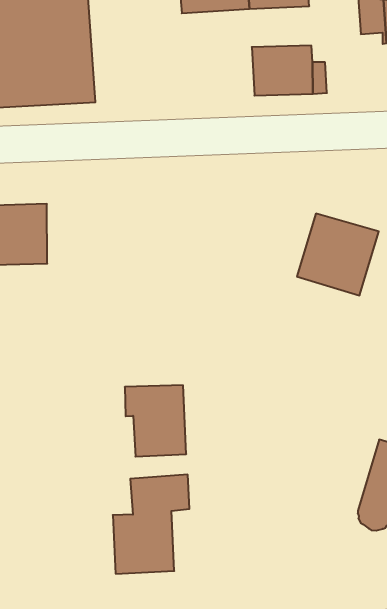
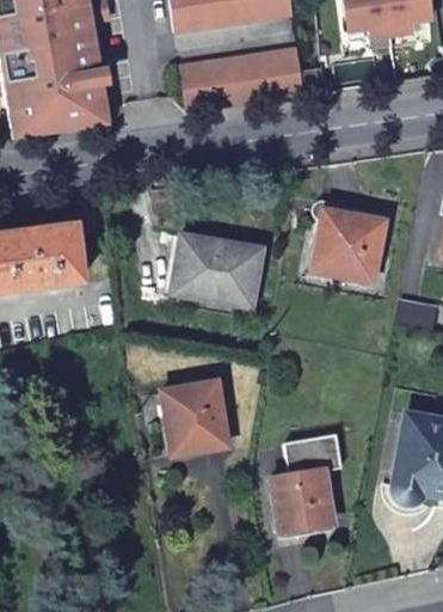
building: none -> [185,57,257,112]
building: none -> [172,232,263,307]
building: [113,475,189,574] -> [269,429,340,530]

